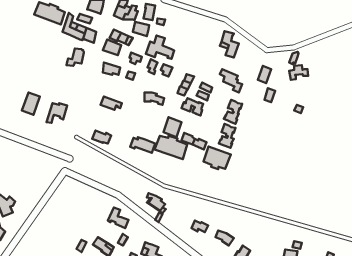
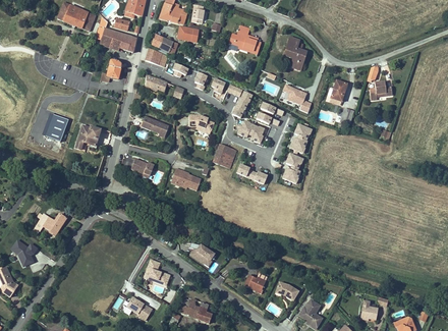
building: [146,36,174,59] -> [225,27,260,56]
building: [155,136,187,159] -> none
building: [204,147,231,169] -> none
building: none -> [38,211,70,234]

